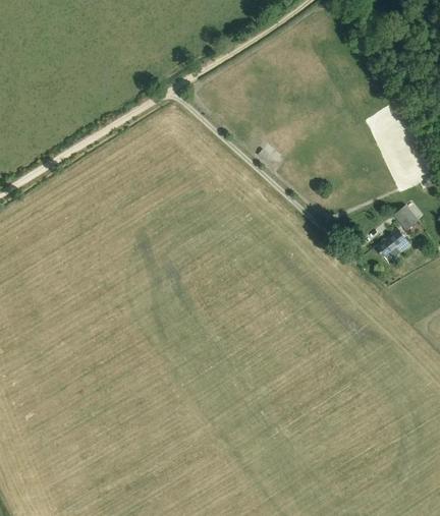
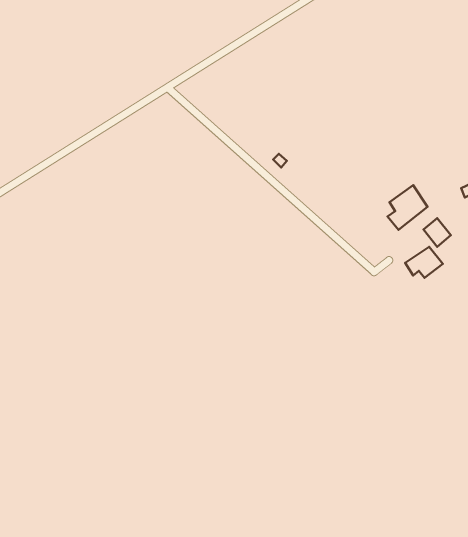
building: none -> [387,185,427,230]

